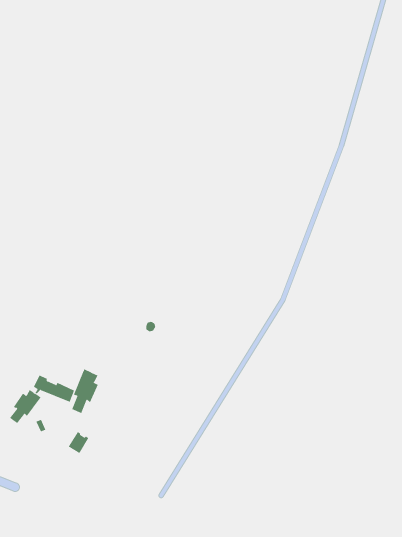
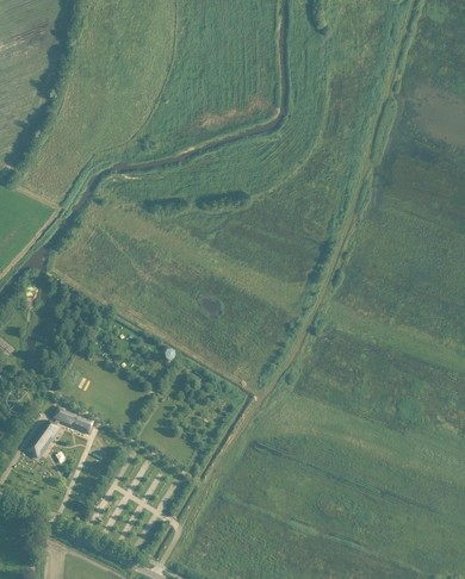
building: [71,369,99,414] -> none

